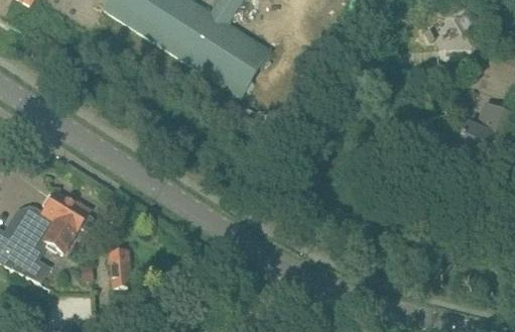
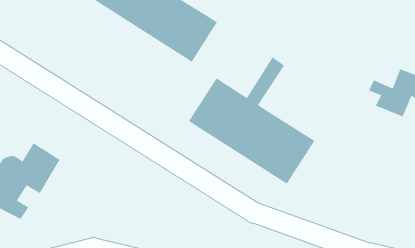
building: none -> [188,57,315,185]
building: [110,249,131,286] -> none

